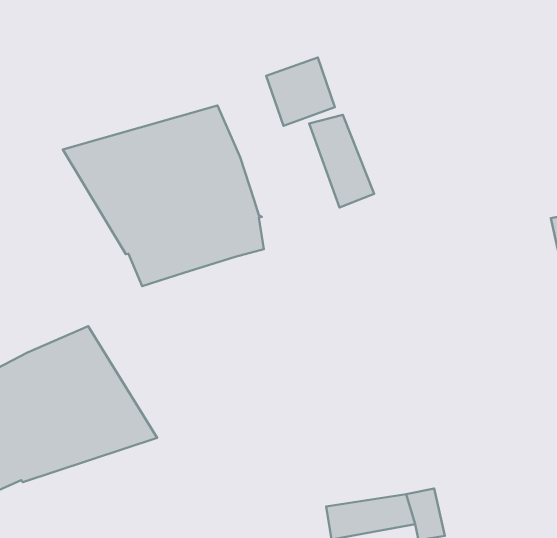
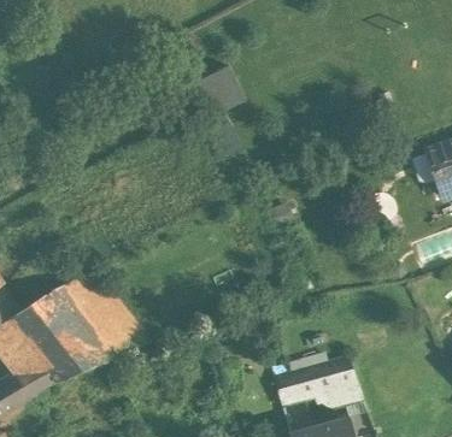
building: [63,105,264,286] -> none
building: [309,115,374,208] -> none

